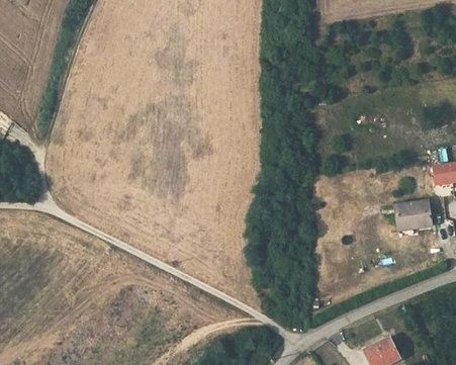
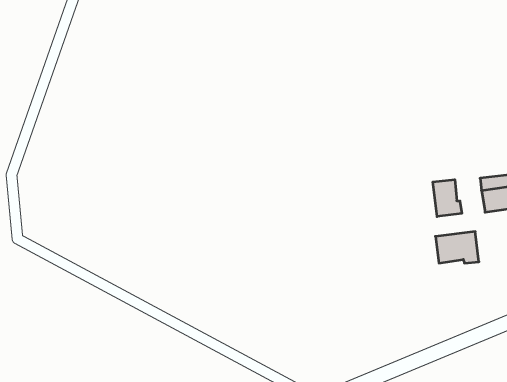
building: none -> [433,180,462,217]

